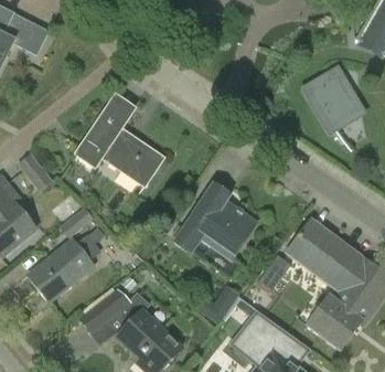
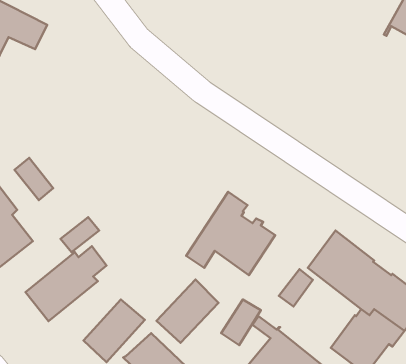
building: [299,64,366,136] -> none
building: [76,95,162,184] -> none
building: none -> [157,280,218,343]

